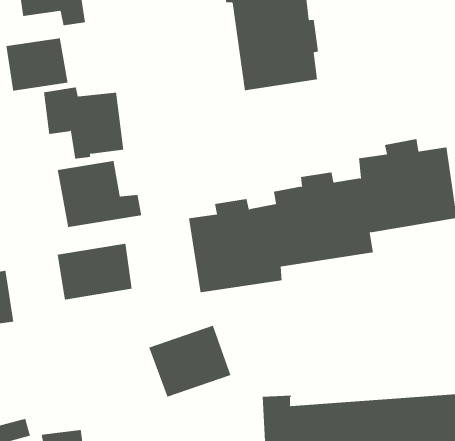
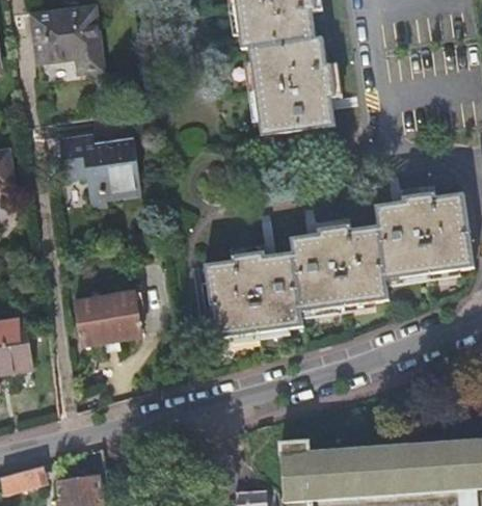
building: [6,37,68,92] -> none
building: [57,160,142,228] -> none
building: [148,325,231,398] -> none

